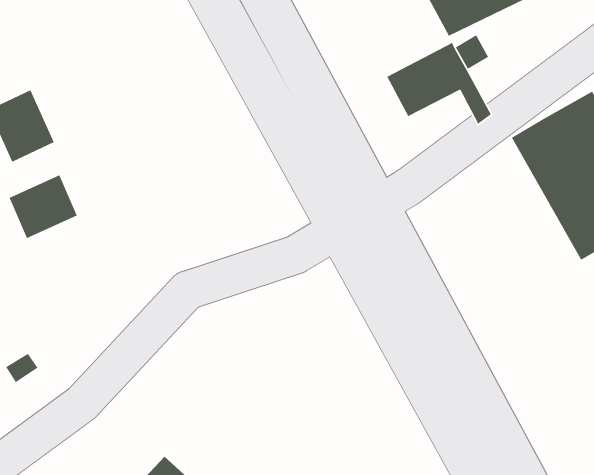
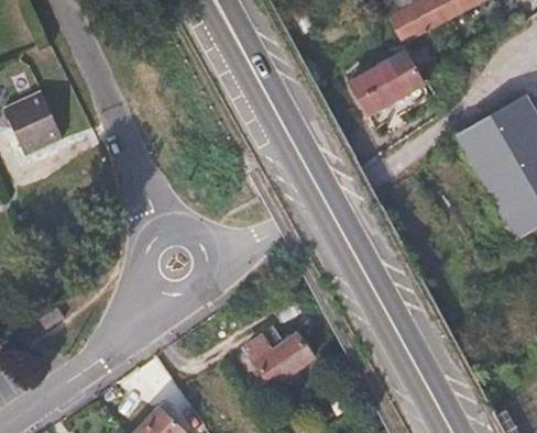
building: [8,174,78,239] -> none
building: none -> [243,333,314,388]

